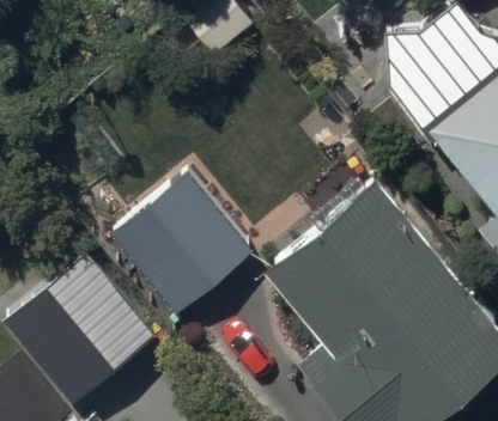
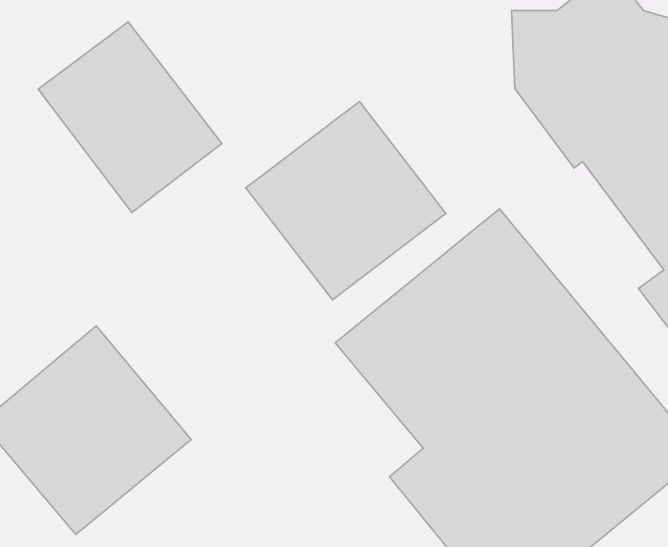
building: none -> [38,22,222,212]
building: [110,179,251,319] -> [246,101,446,300]

